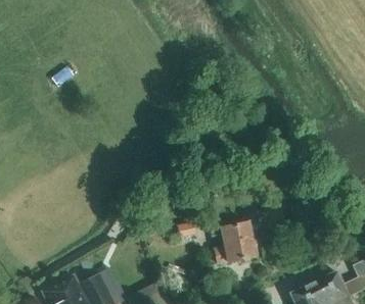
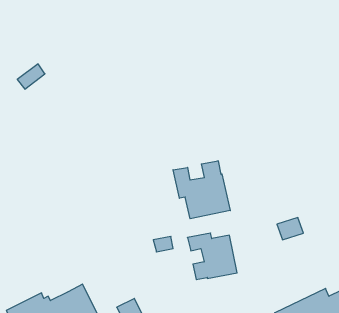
building: none -> [173,161,230,219]

